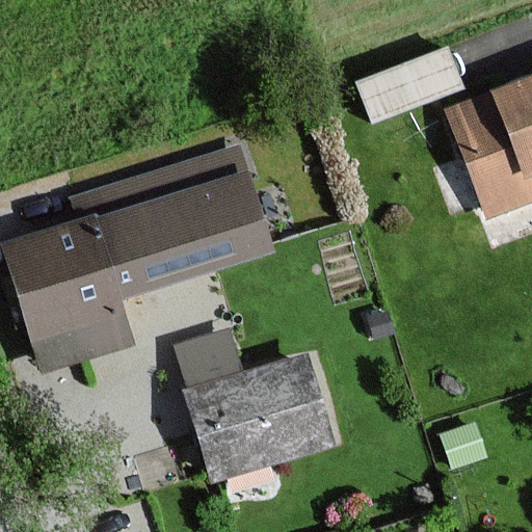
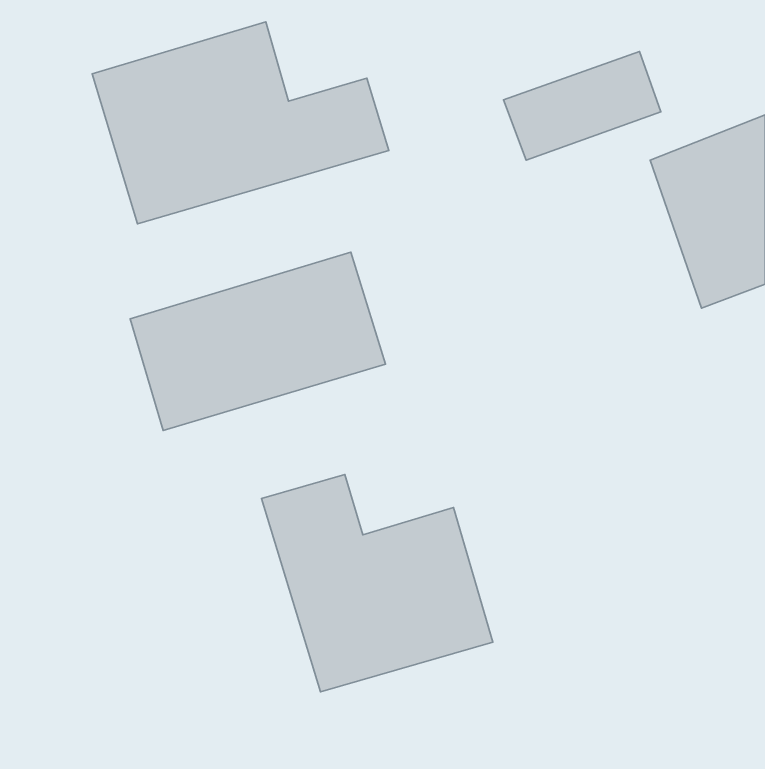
building: none -> [92,22,389,224]
building: [4,221,127,372] -> none

